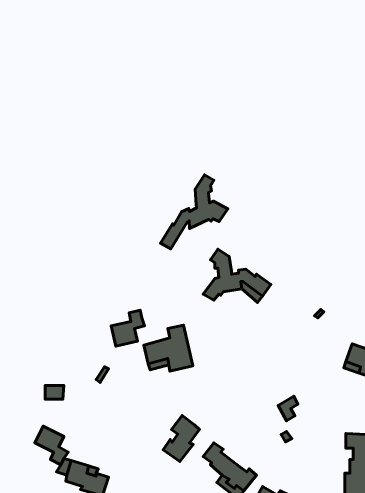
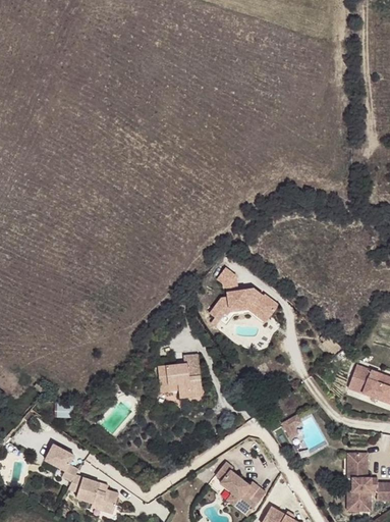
building: [161,175,228,249] -> none
building: [111,310,145,346] -> none
building: [163,415,199,462] -> none

